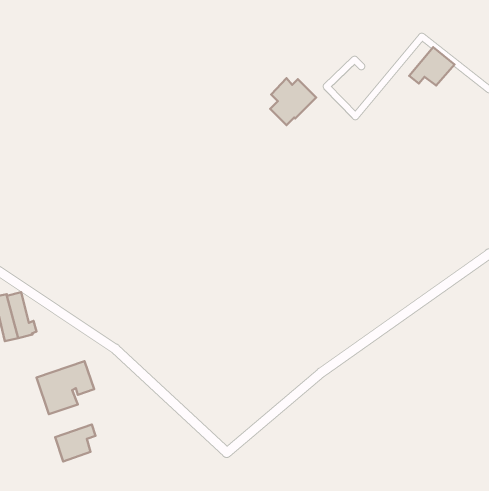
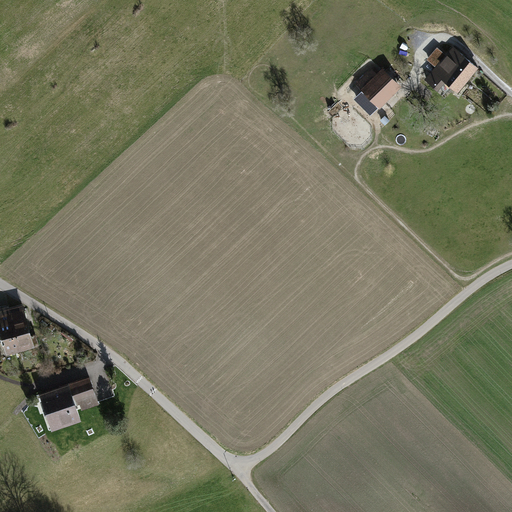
building: [270,78,316,125] -> [352,67,400,116]
building: [55,425,95,462] -> none

